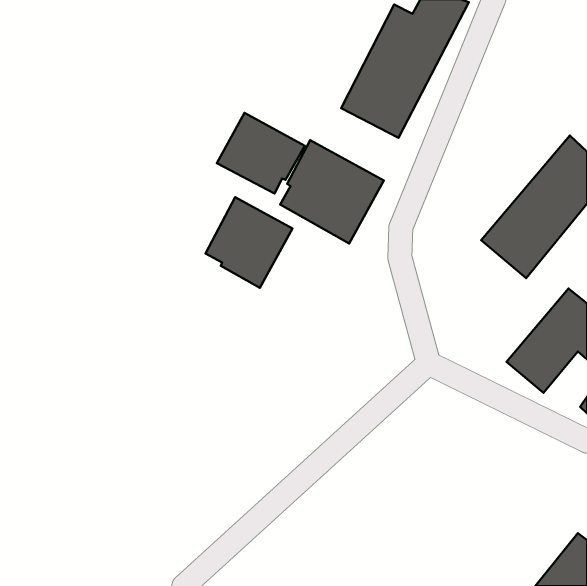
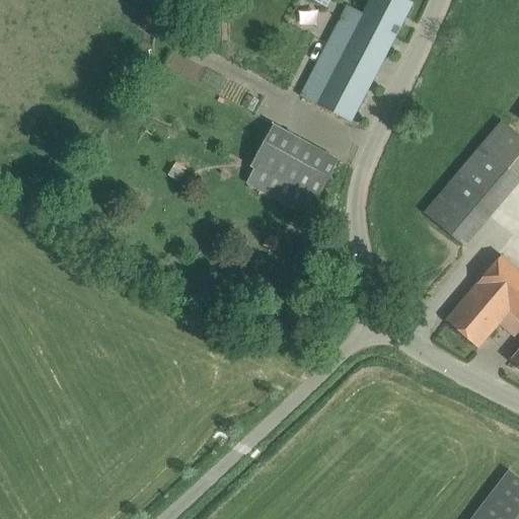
building: [217,113,305,193] -> none
building: [205,197,292,288] -> none

